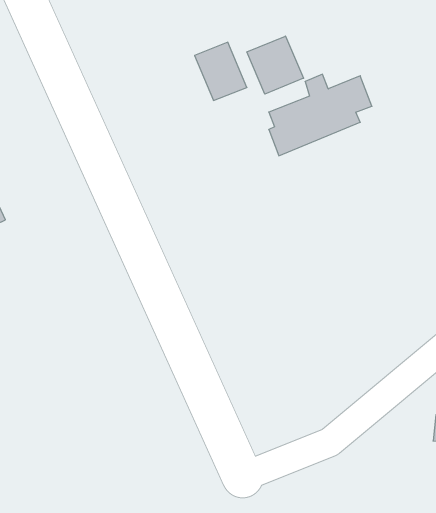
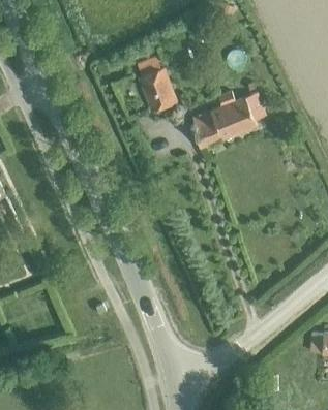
building: [247,36,304,94] -> none

